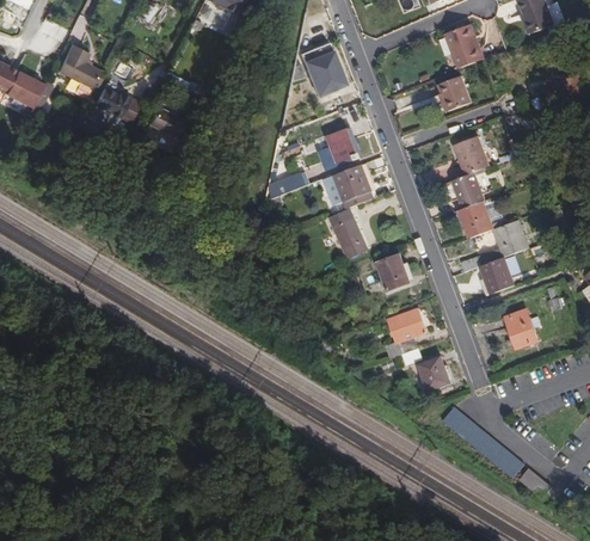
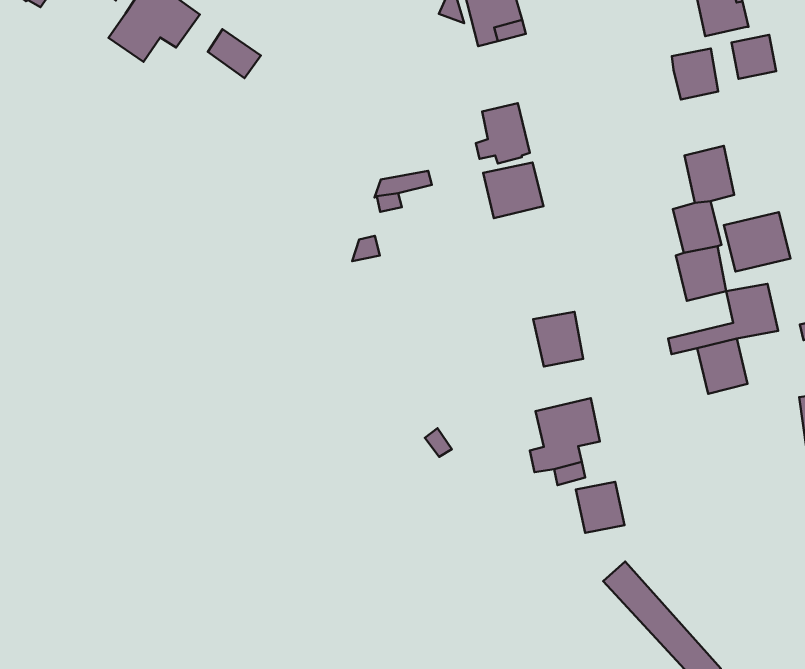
building: none -> [731,35,776,79]
building: none -> [724,212,791,272]
building: [328,208,368,259] -> none
building: [504,308,537,348] -> none

